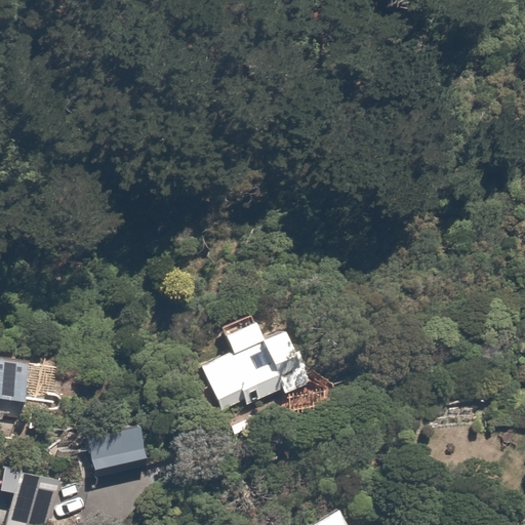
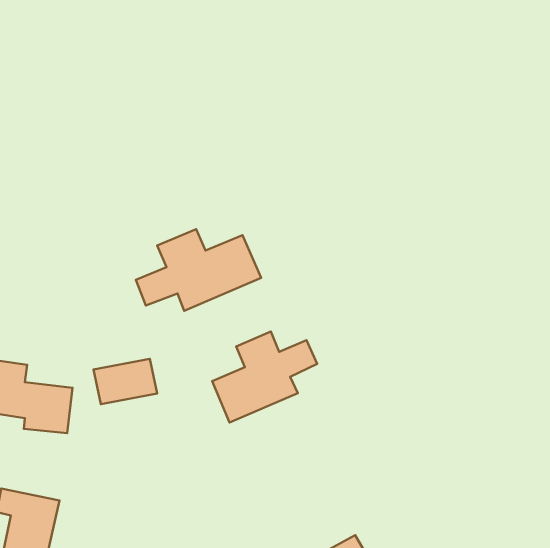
building: none -> [136,229,261,311]
building: [86,435,147,478] -> [93,359,157,404]

